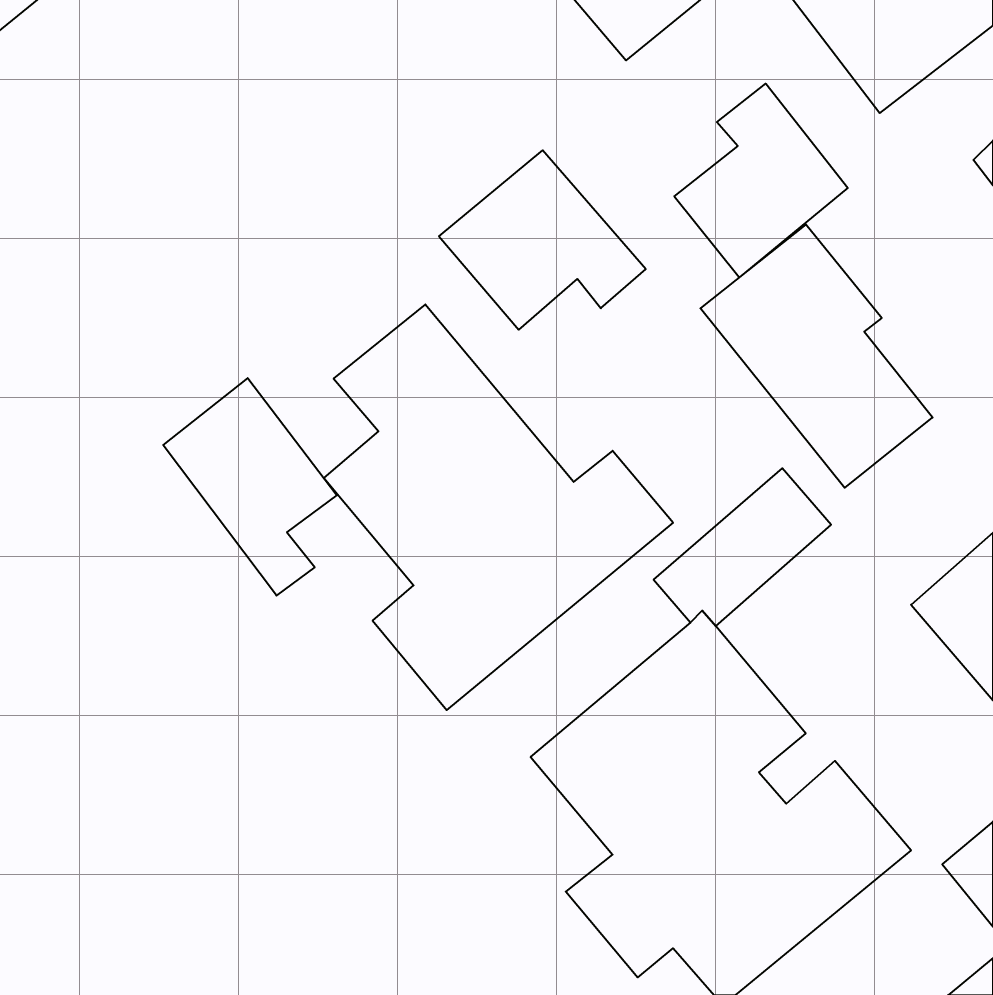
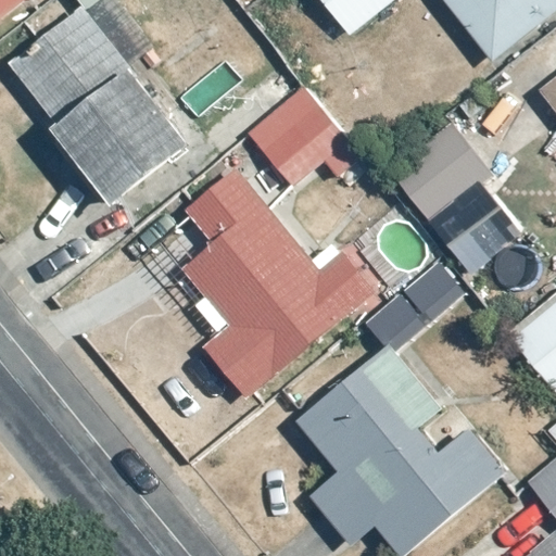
building: none -> [7,7,192,206]
building: [674,84,848,277] -> none
building: [163,378,337,596] -> none

